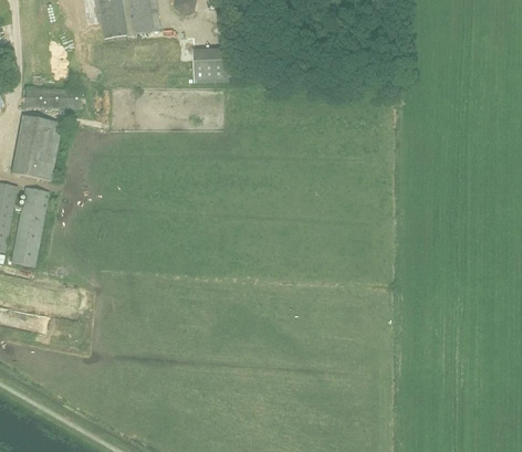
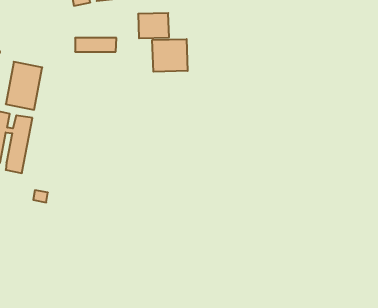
building: none -> [152,39,188,72]
building: [24,87,81,106] -> [75,38,116,52]

